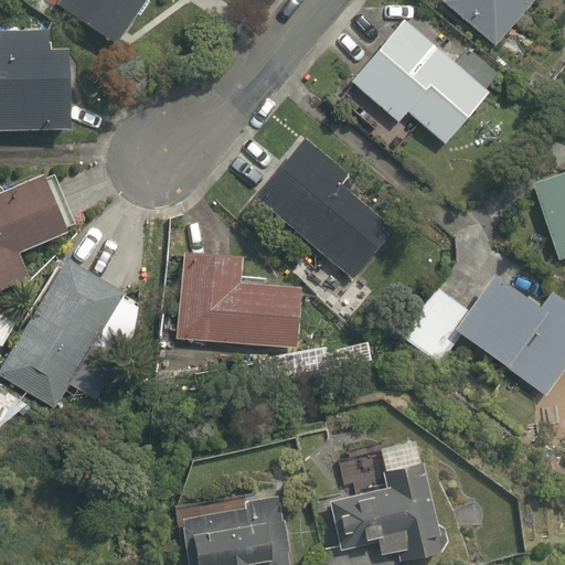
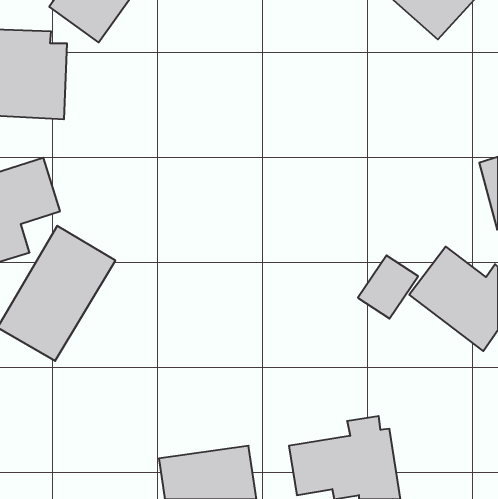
building: [356,23,487,142] -> none
building: [256,140,392,273] -> none
building: [175,253,300,344] -> none

